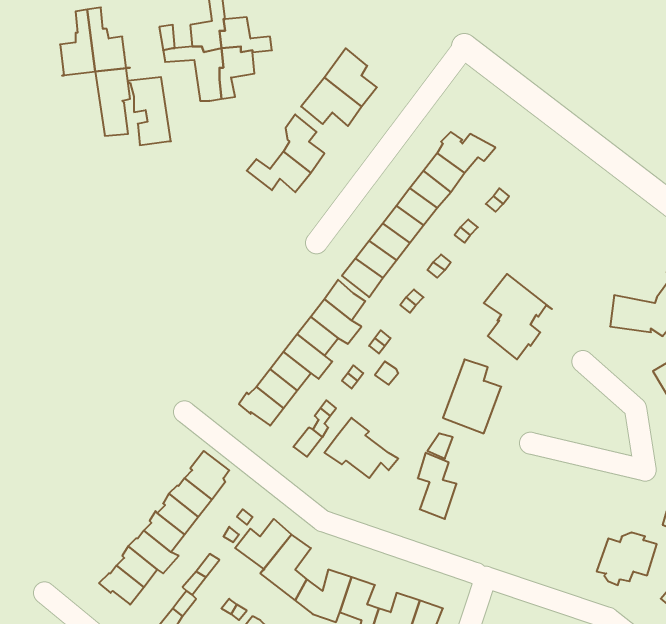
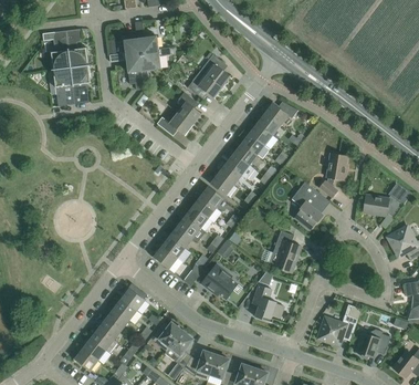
building: [128,77,171,145] -> [52,66,76,105]
building: none -> [320,153,347,197]
building: none -> [318,306,360,345]

